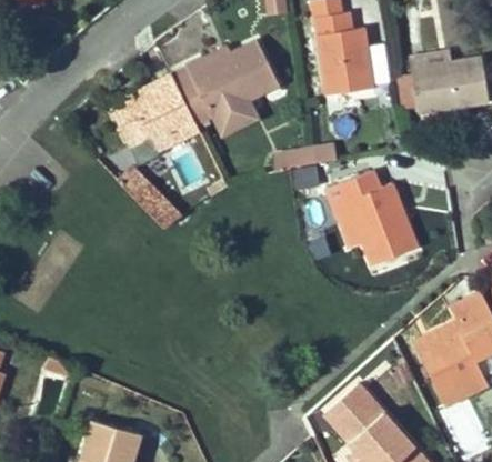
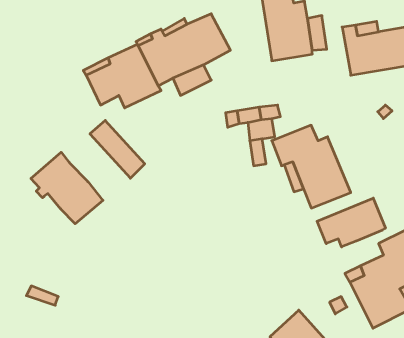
building: none -> [31,152,103,224]
building: none -> [317,198,385,247]

